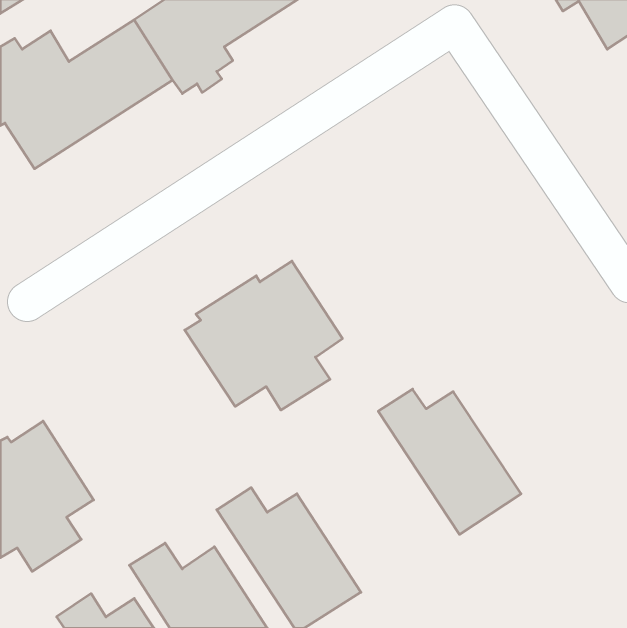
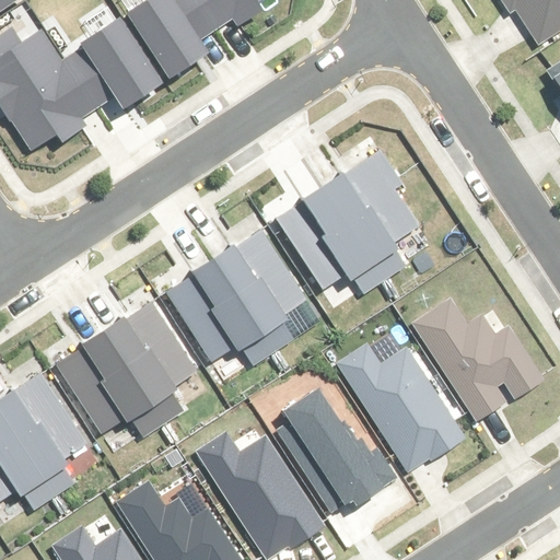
building: none -> [278,154,420,299]
building: none -> [61,300,201,433]
building: none -> [412,300,541,423]
building: none -> [277,387,392,508]

